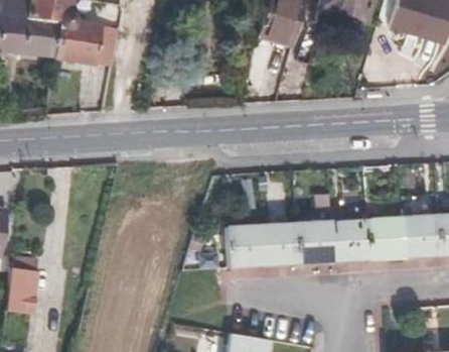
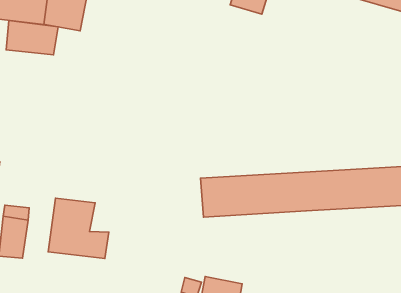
building: none -> [6,21,58,55]
building: none -> [48,198,109,259]

